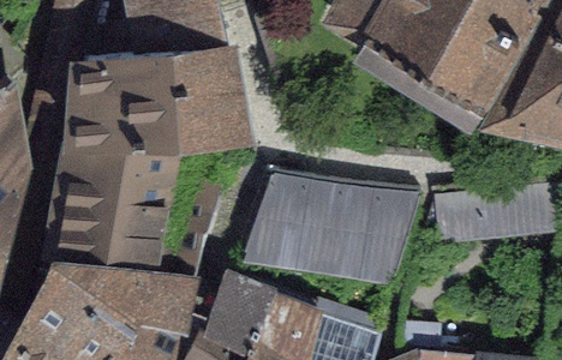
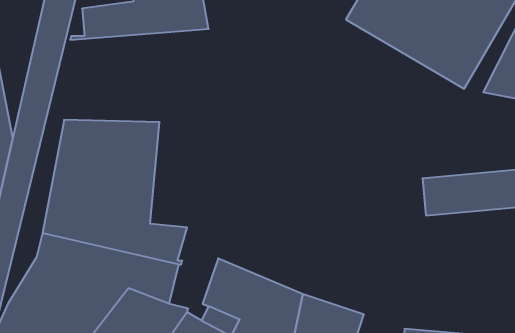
building: [76,48,239,144] -> none
building: [244,173,420,276] -> none

